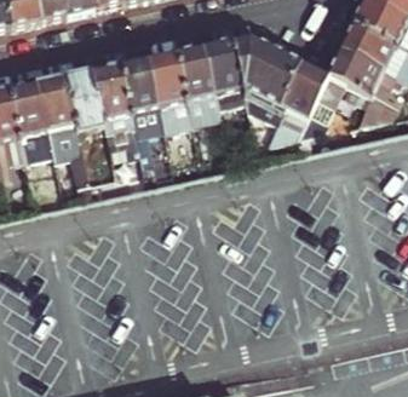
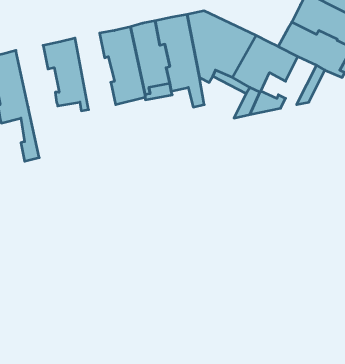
building: [113,63,153,174] -> none
building: [54,75,97,136] -> none

